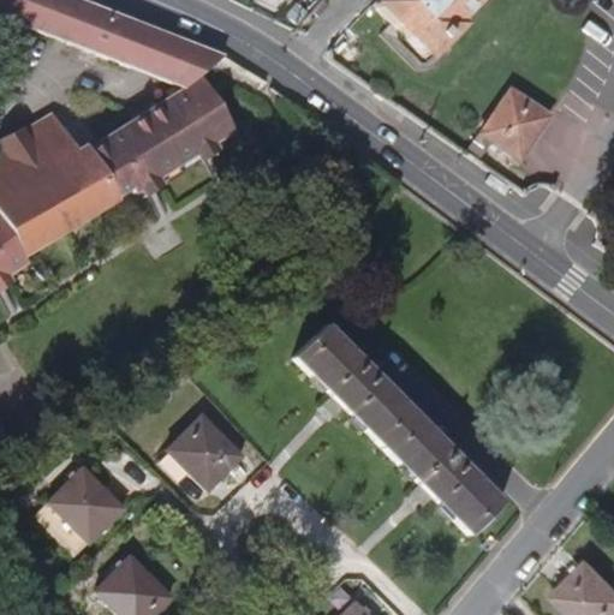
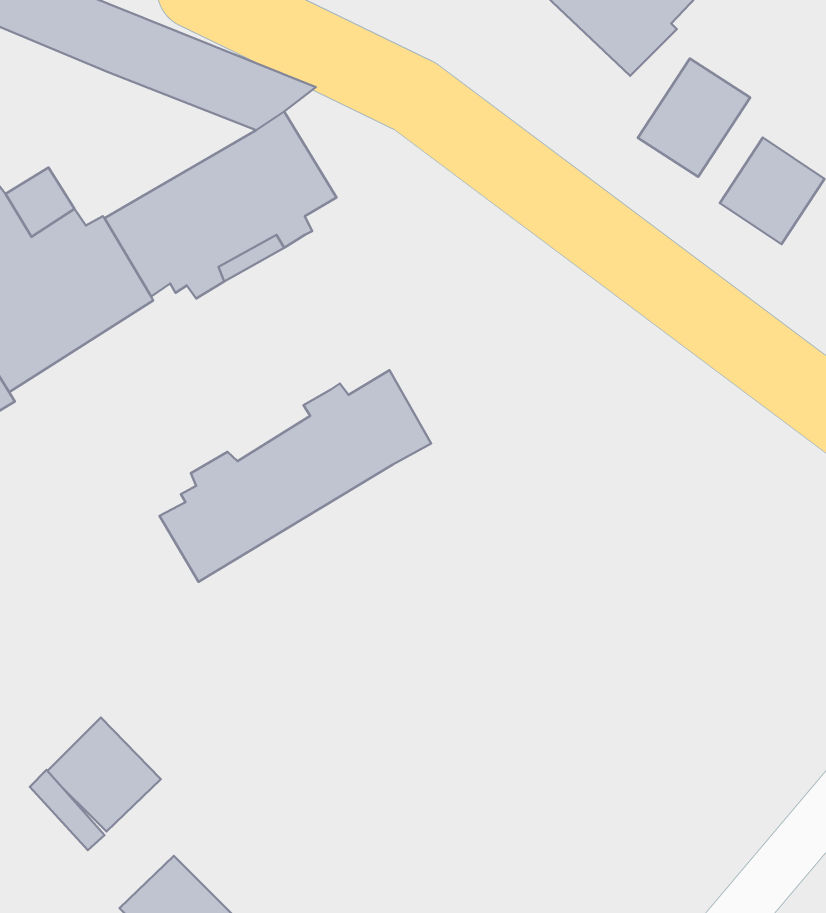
building: none -> [638,58,750,177]
building: none -> [159,370,431,582]
building: [296,322,507,535] -> none
building: [172,412,246,486] -> none

